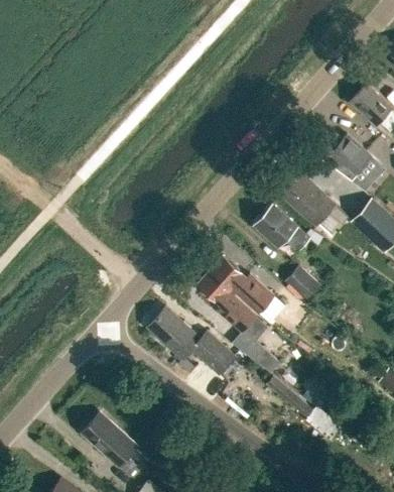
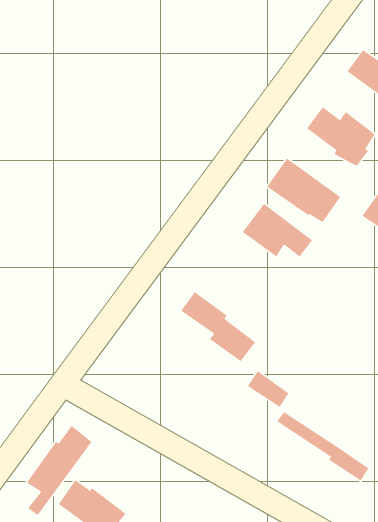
building: [211,256,274,313] -> none
building: [285,265,322,300] -> none
building: [148,306,236,375] -> none
building: none -> [26,425,93,516]

